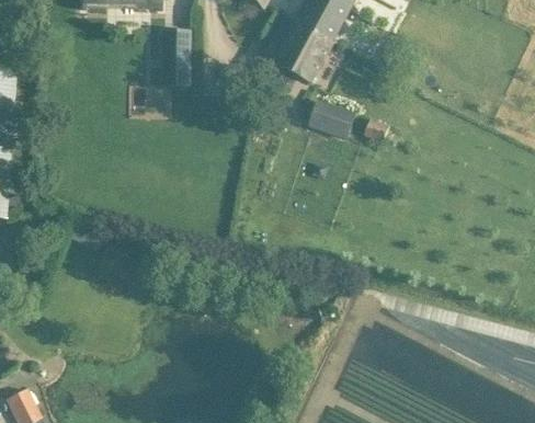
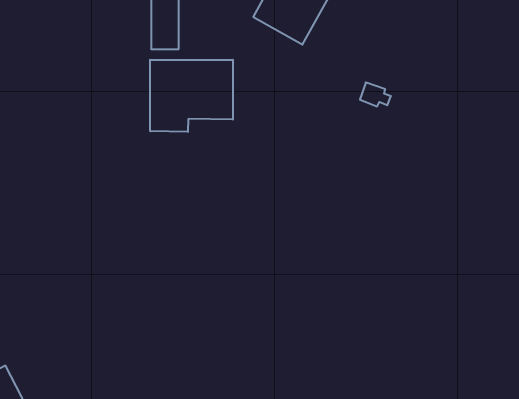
building: none -> [150,60,233,132]
building: [314,102,358,138] -> none

